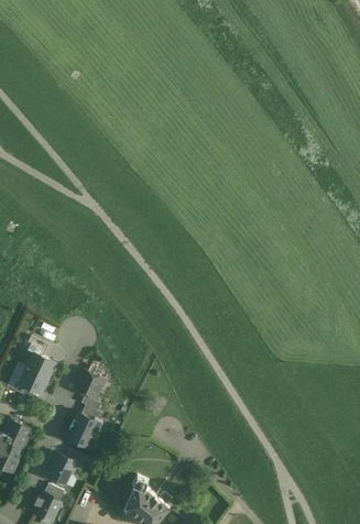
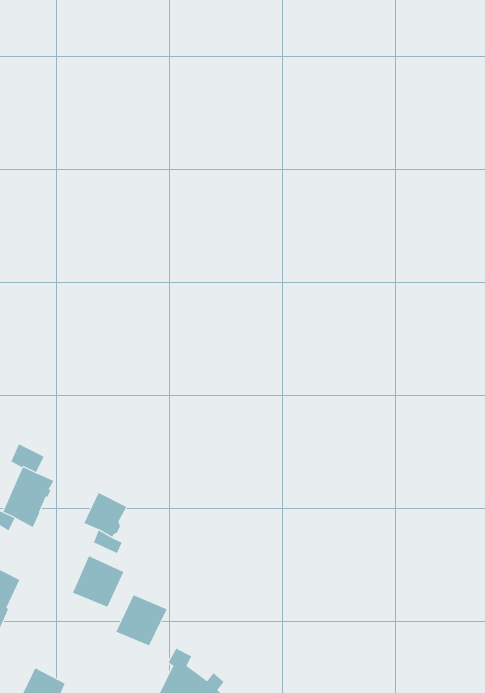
building: [43,450,78,485] -> [115,594,167,646]

